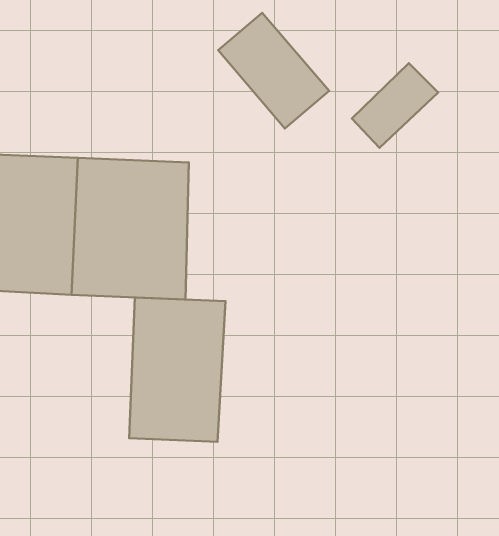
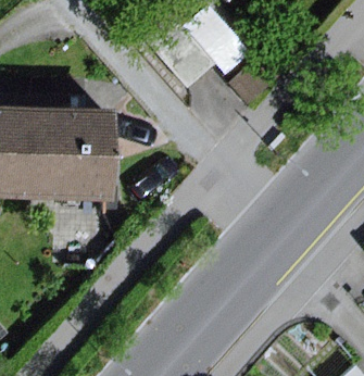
building: [129,297,226,442] -> none

